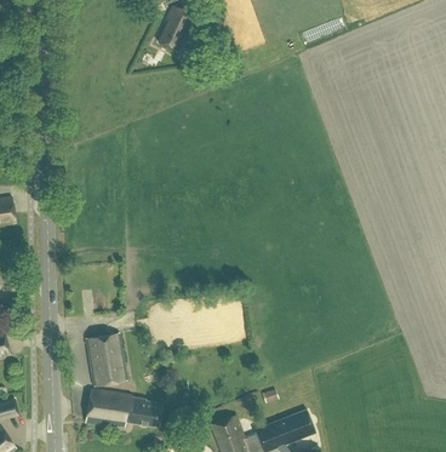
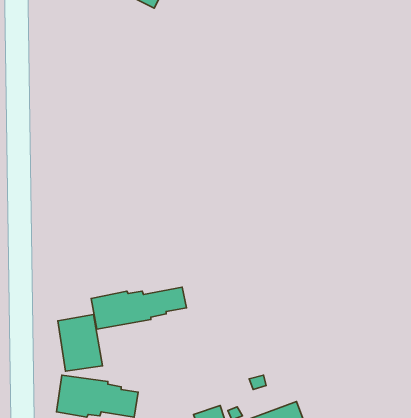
building: none -> [91,287,186,329]

